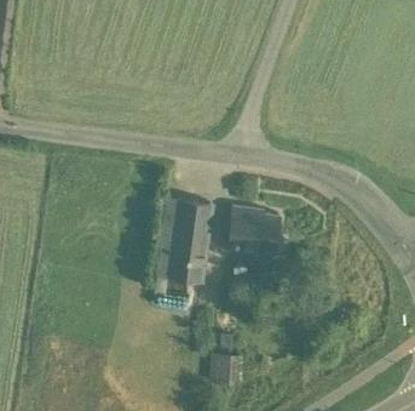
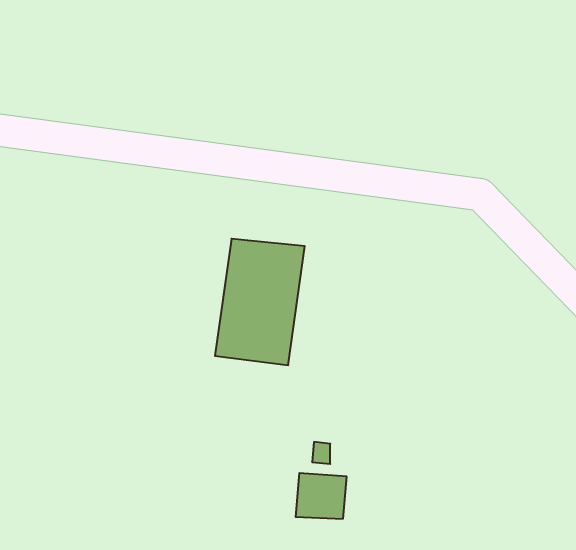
building: [229,210,279,252] -> none

